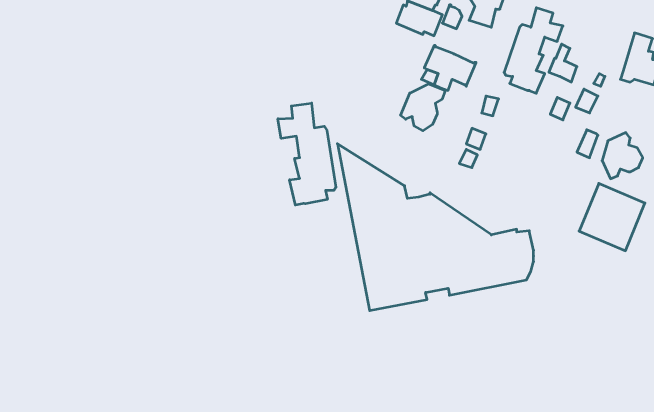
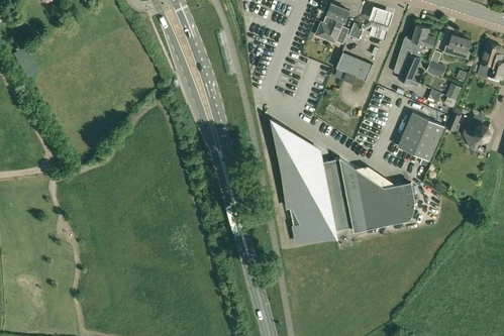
building: none -> [442,35,470,60]
building: [401,84,445,131] -> none
building: [278,103,336,205] -> none
building: [579,183,645,251] -> [397,112,444,160]

